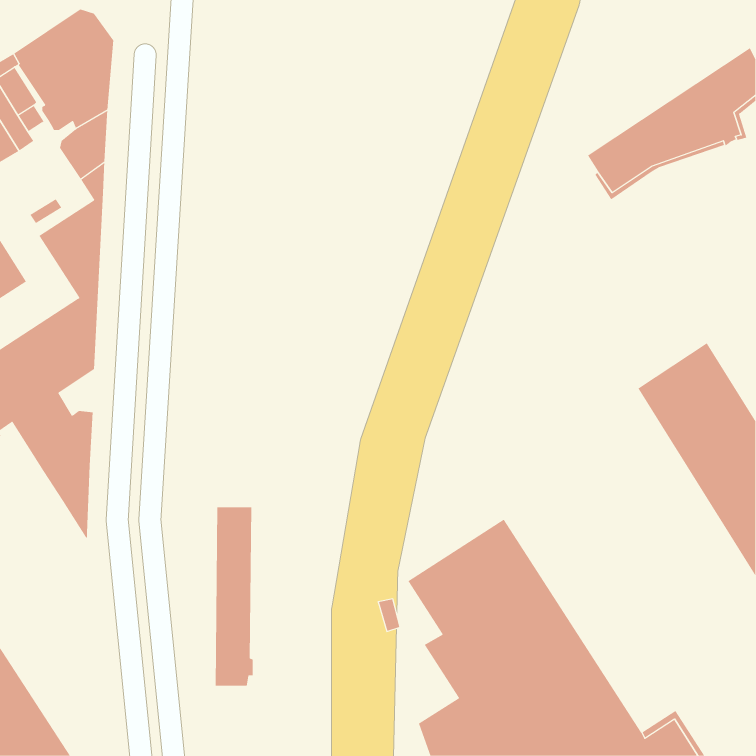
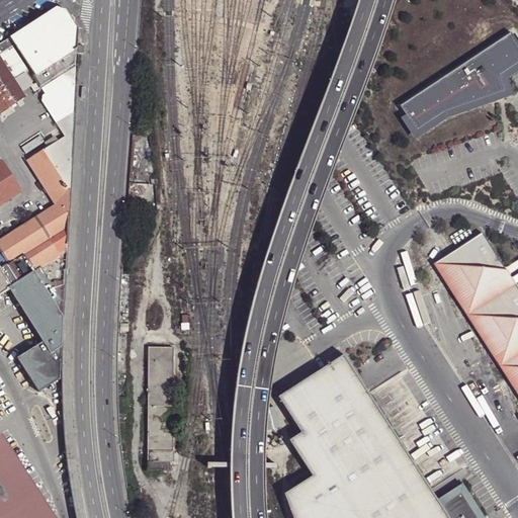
building: none -> [16,342,60,392]

